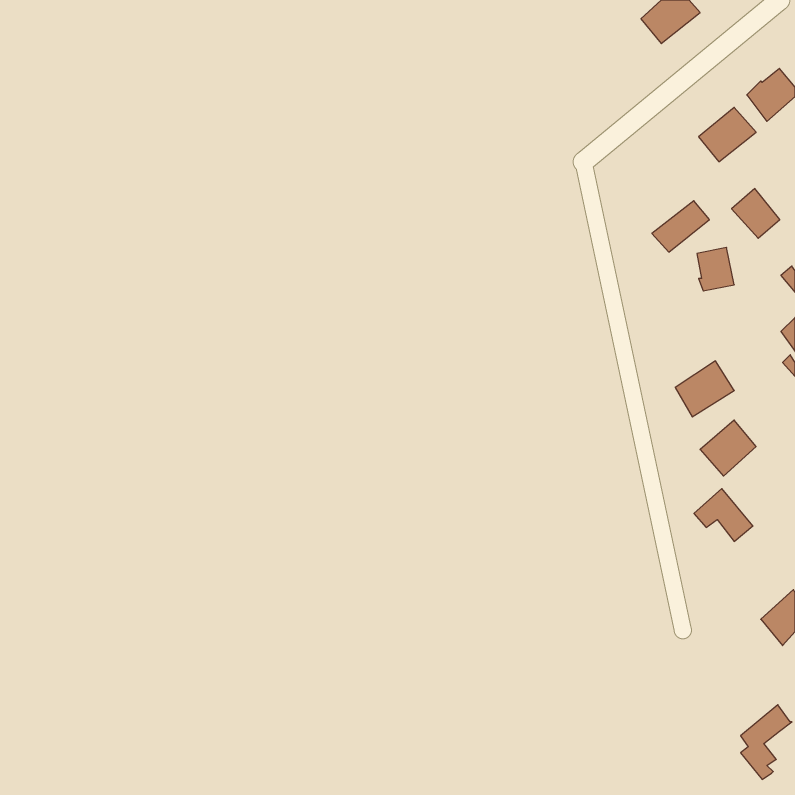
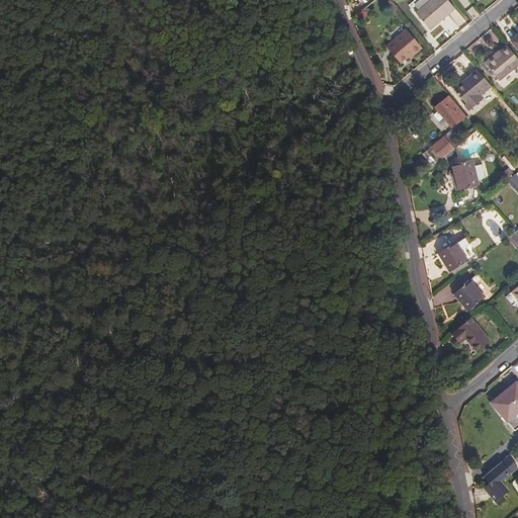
building: none -> [387,28,421,61]
building: [732,189,780,238] -> [435,94,466,126]

